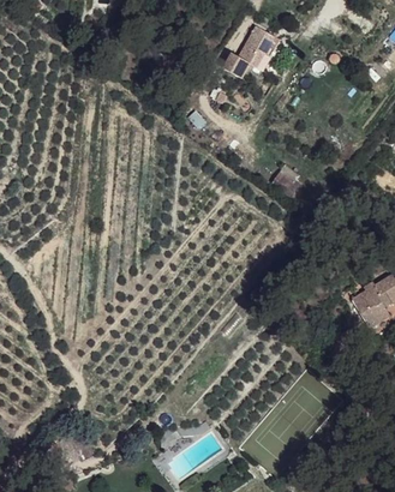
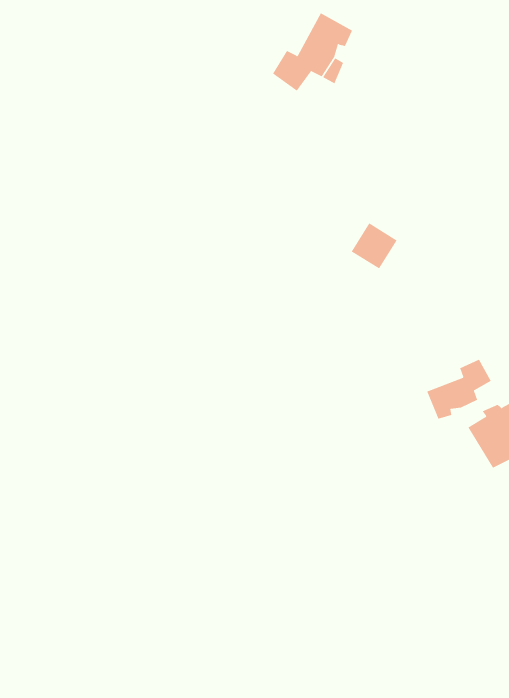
building: none -> [427,359,491,419]

